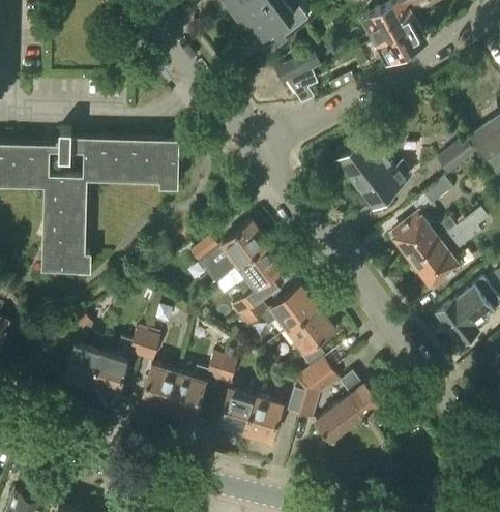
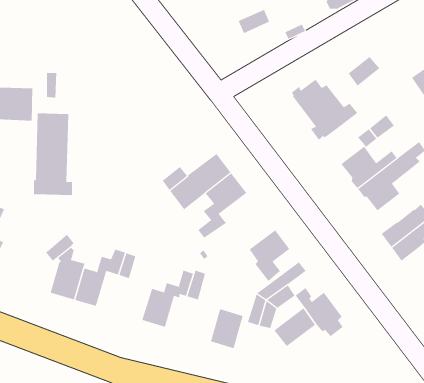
building: [437,139,473,173] -> [348,56,380,86]
building: [84,141,177,186] -> none
building: [236,284,318,330] -> none
building: [140,365,178,410] -> none
building: [217,389,255,433] -> none

